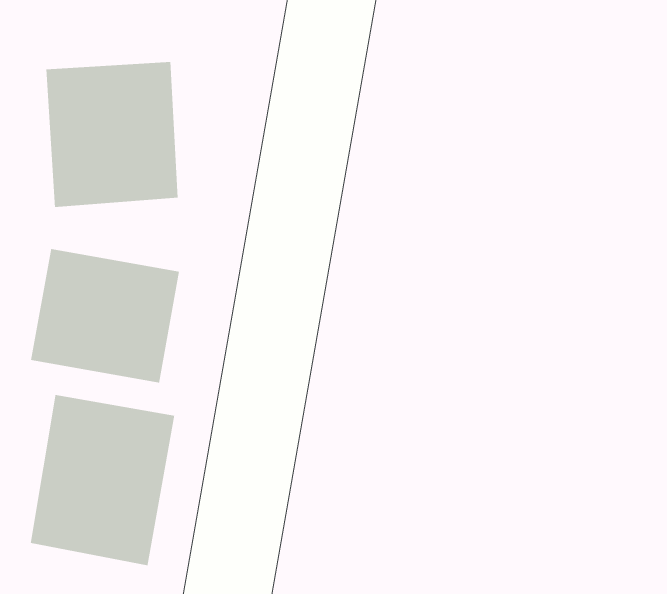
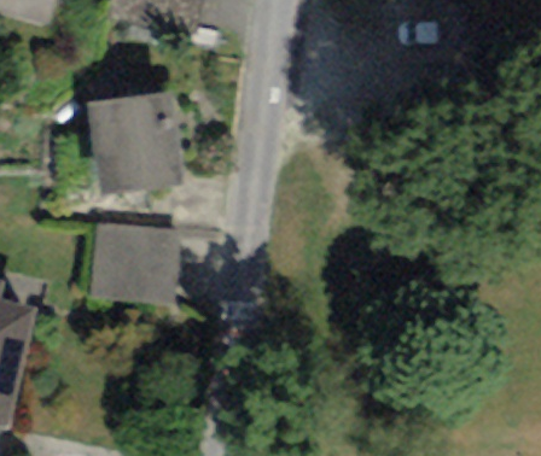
building: [30,394,175,566] -> none

